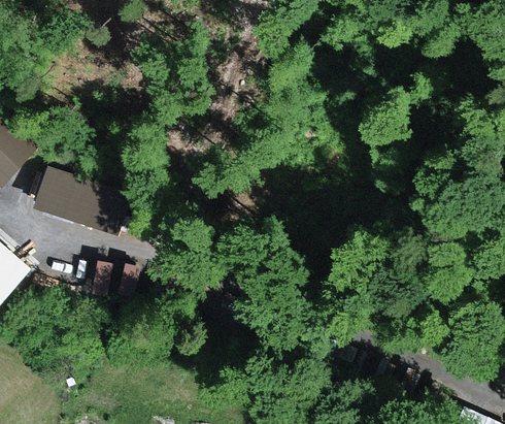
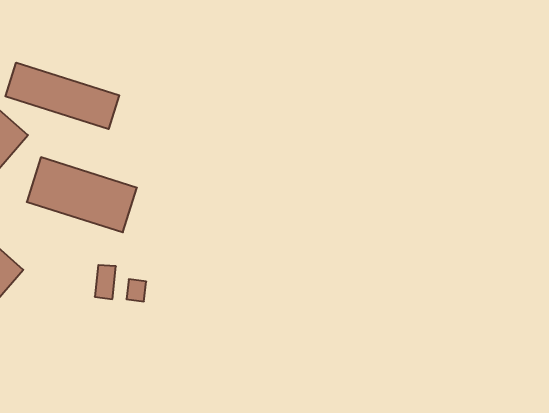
building: none -> [5,63,119,129]

